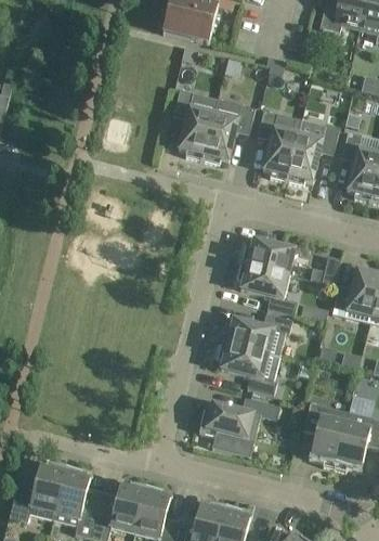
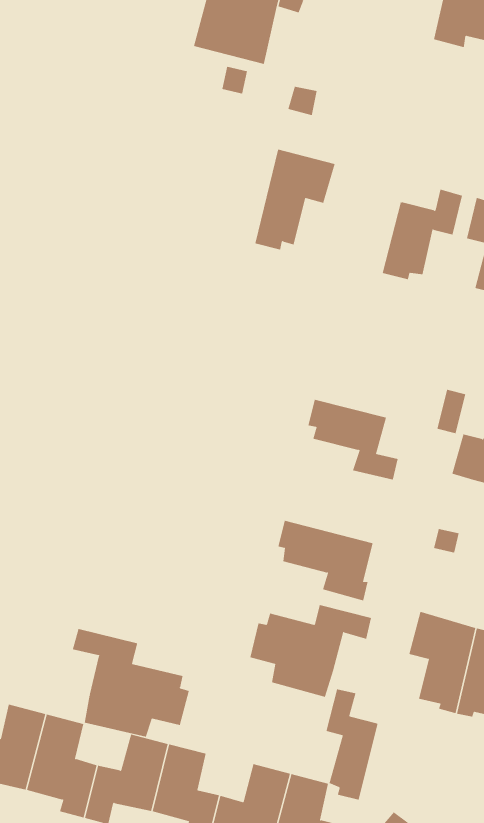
building: [172,88,218,159] -> none
building: [257,110,303,179] -> none
building: [241,237,296,273] -> none
building: [222,311,293,356] -> none
building: none -> [72,628,190,737]
building: none -> [326,689,378,801]

